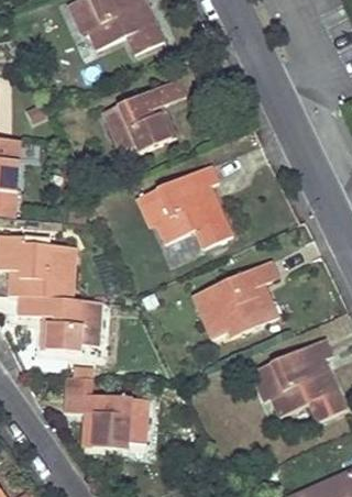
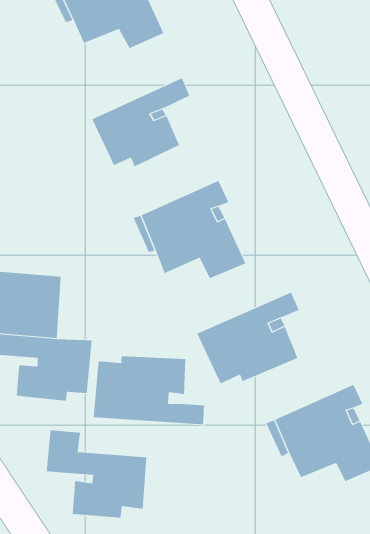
building: none -> [93,355,205,425]

